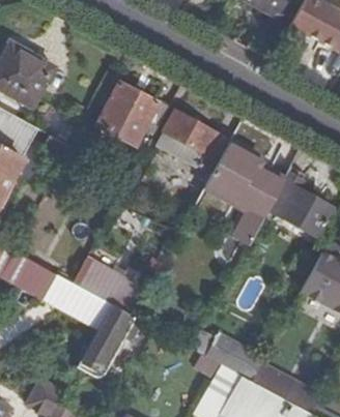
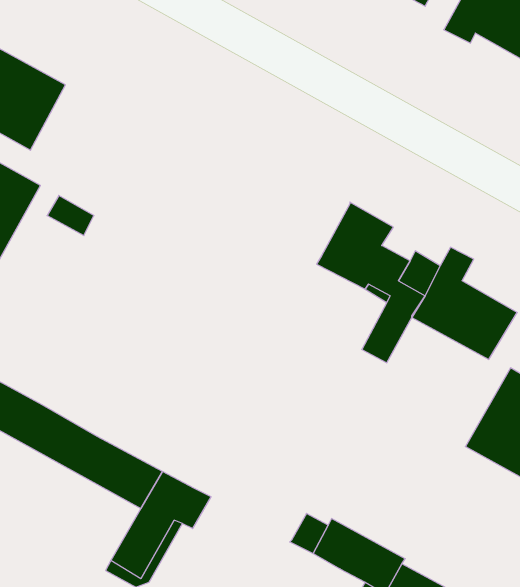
building: [95,80,168,144] -> none
building: [158,111,229,172] -> none
building: [73,259,146,316] -> none

